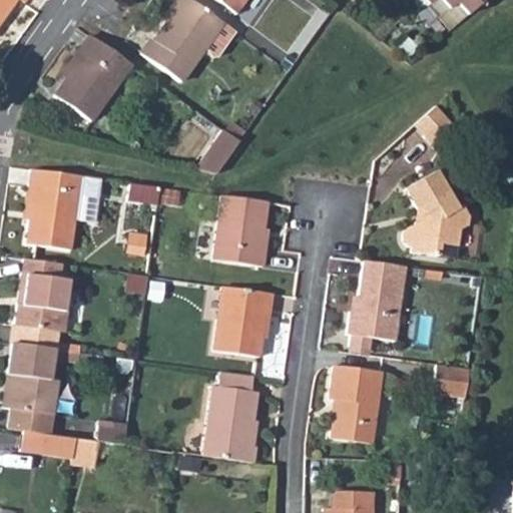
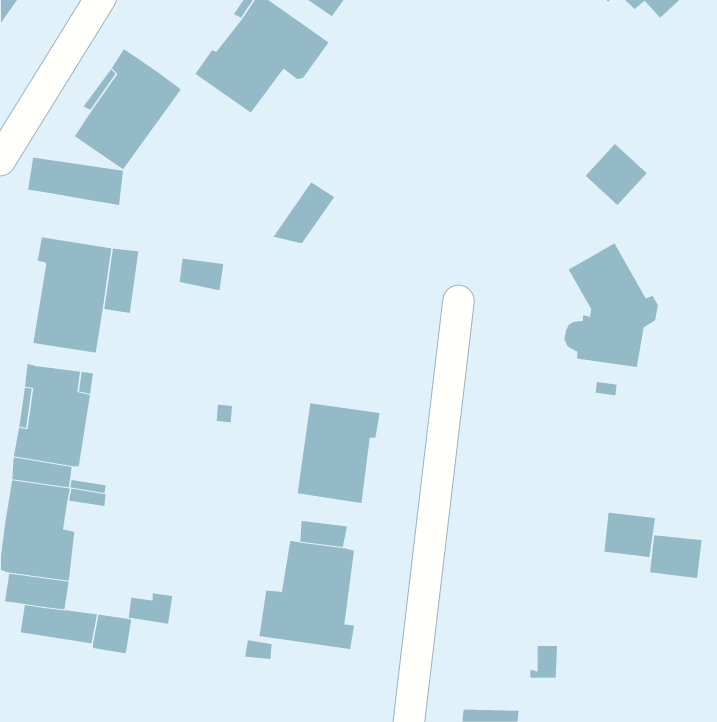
building: none -> [27,157,124,206]
building: [214,194,271,268] -> none
building: [350,262,406,349] -> none
building: [331,363,379,440] -> none
building: none -> [649,535,702,579]

